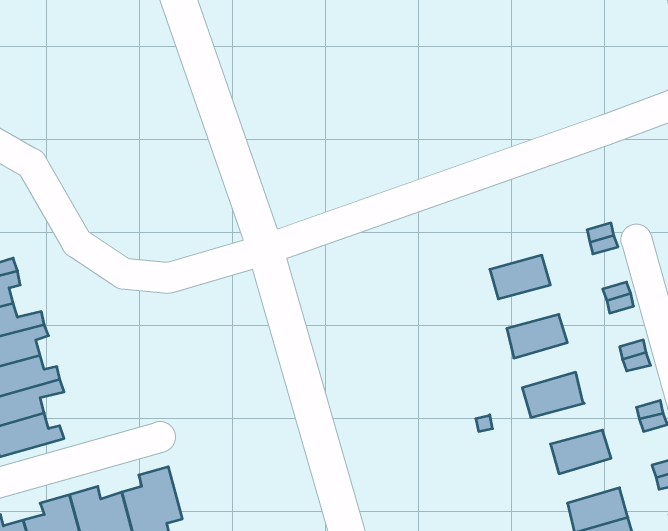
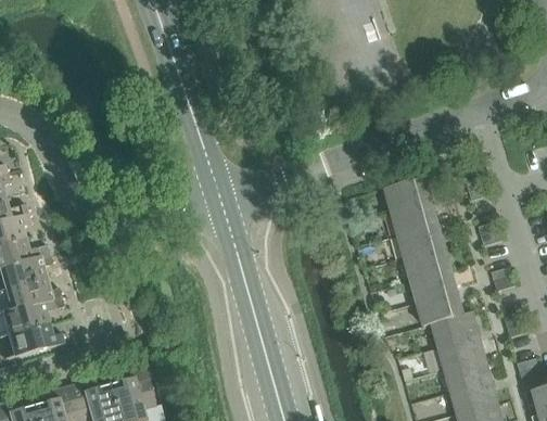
building: none -> [384,178,431,213]
building: none -> [397,225,444,258]
building: none -> [409,269,457,304]
building: none -> [431,312,478,347]
building: none -> [444,358,491,393]

